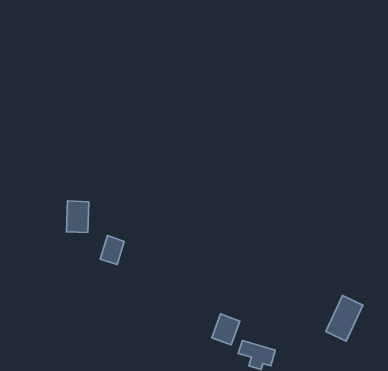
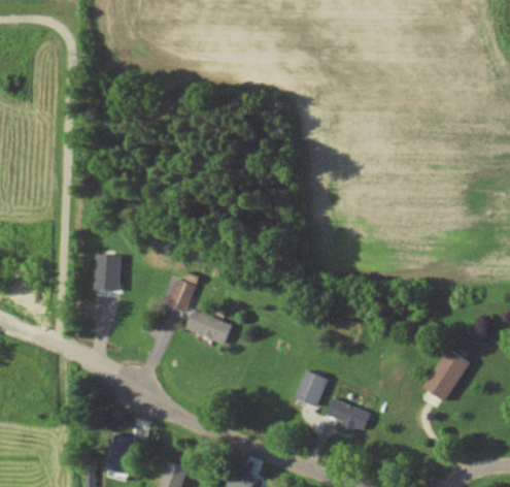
building: [67,201,89,233] -> [94,253,120,290]
building: none -> [186,312,232,342]

